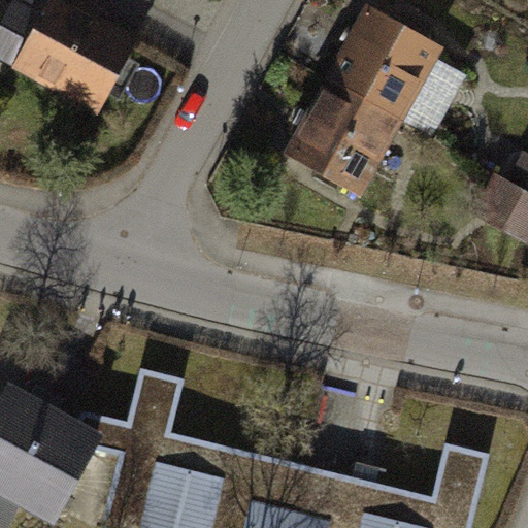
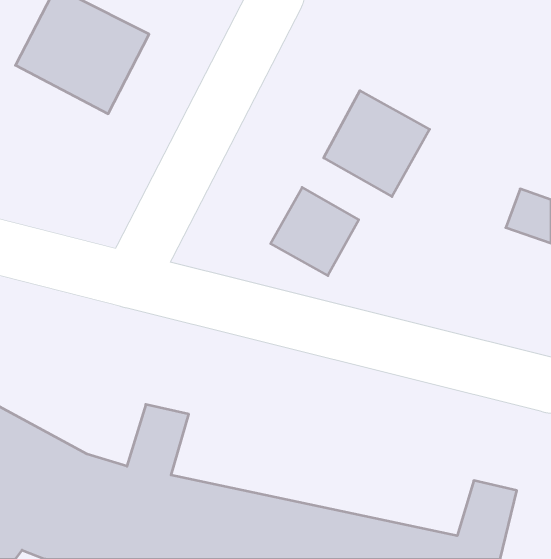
building: [336,24,436,121] -> none
building: none -> [271,187,359,276]

